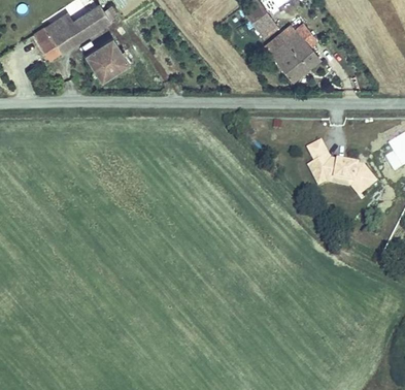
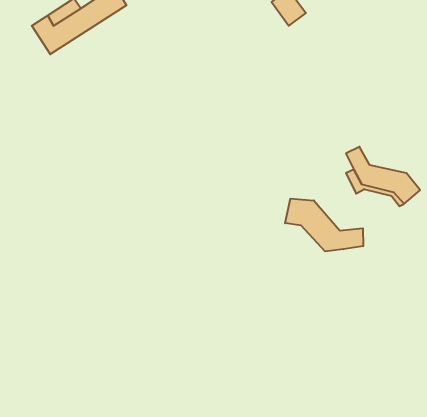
building: [274,29,325,79] -> none
building: [81,35,134,80] -> none
building: none -> [285,199,363,251]

